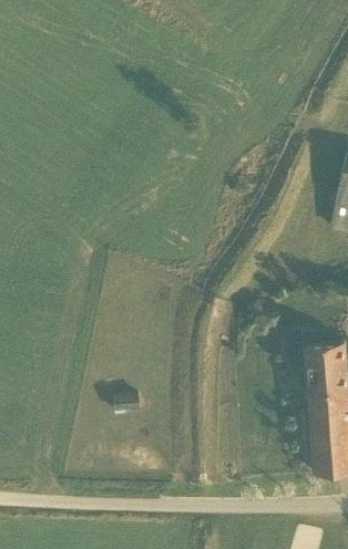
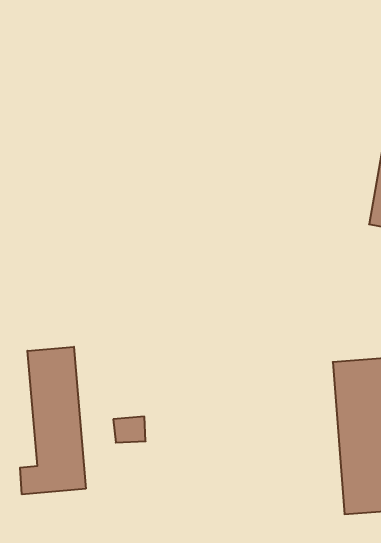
building: none -> [20,347,86,494]

